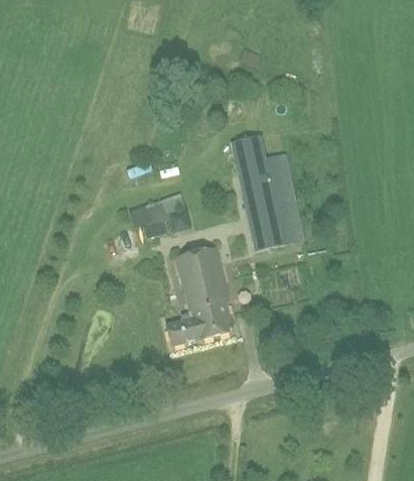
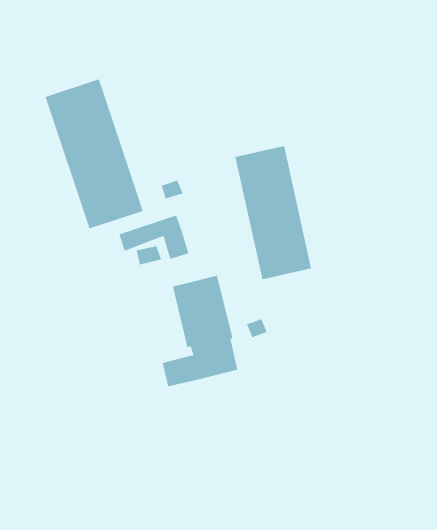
building: none -> [45,79,144,229]

